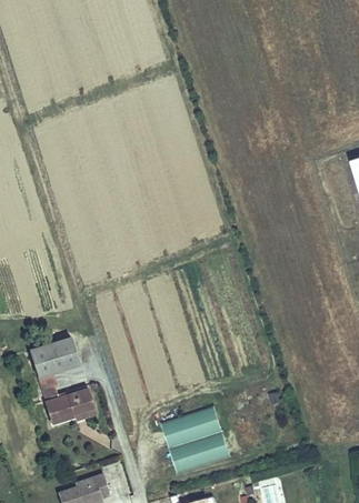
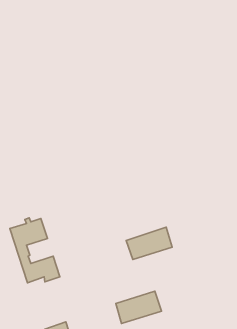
building: [161,405,222,449] -> [126,227,172,260]

